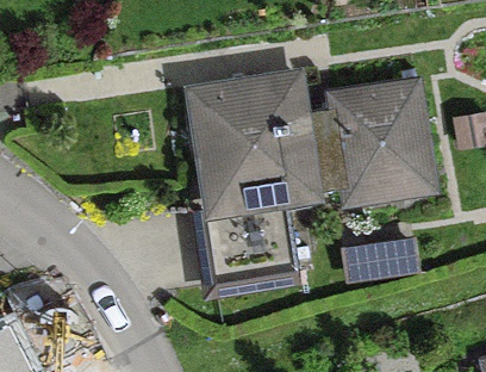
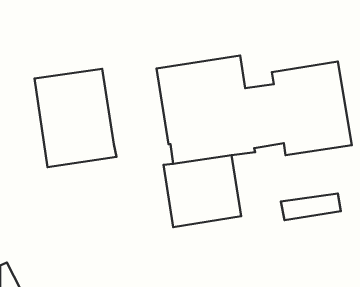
building: none -> [34,69,116,167]

